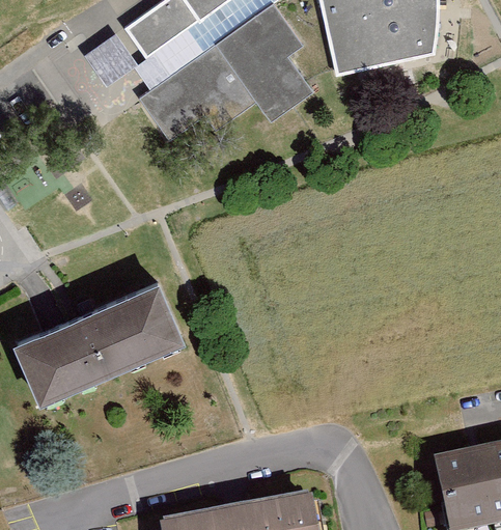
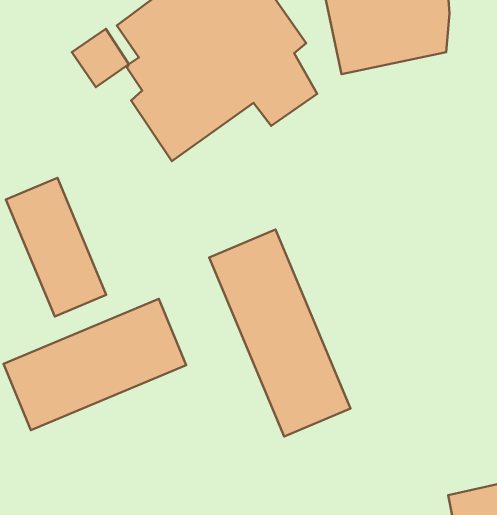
building: none -> [6,178,106,316]
building: none -> [209,229,350,436]

